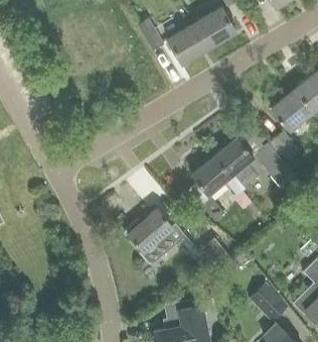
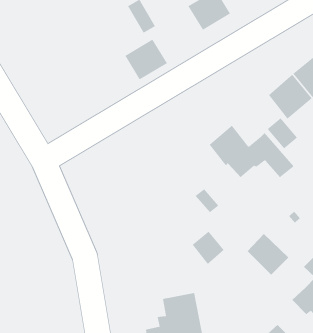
building: [167,24,208,64] -> [124,39,168,80]
building: [191,156,246,197] -> none
building: [124,209,186,264] -> none
building: [249,281,289,322] -> [247,233,289,276]

